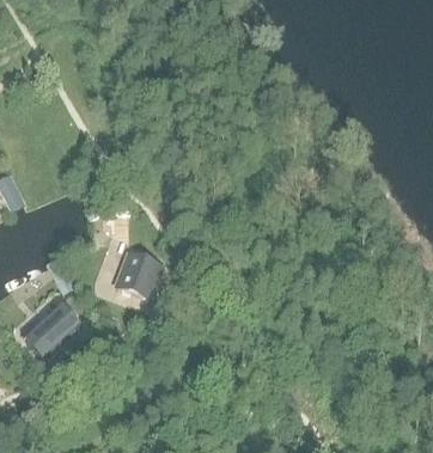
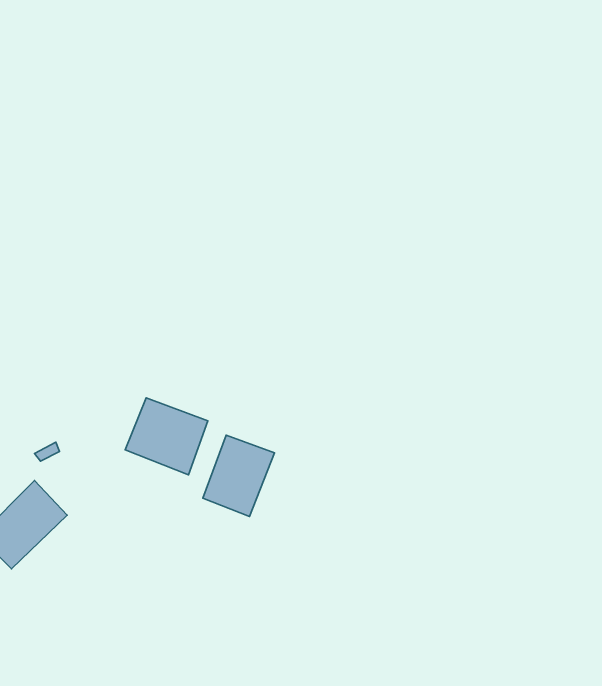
building: none -> [203,435,274,517]

